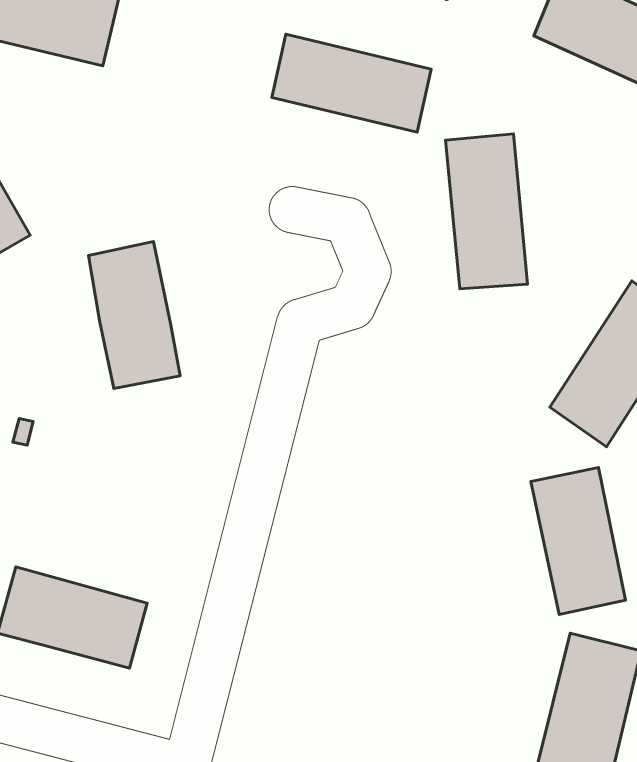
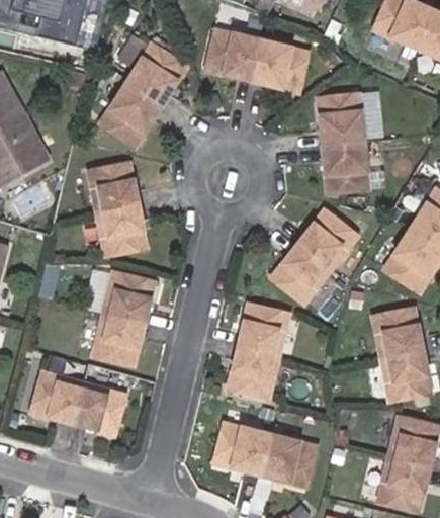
building: none -> [99,42,187,147]
building: none -> [270,208,358,305]
building: none -> [92,270,155,366]
building: none -> [228,303,290,399]
building: none -> [213,421,318,487]

